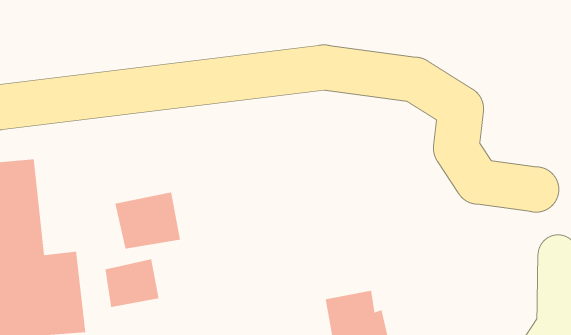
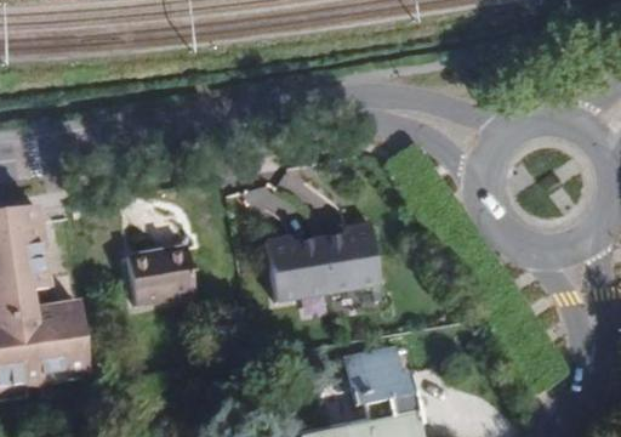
building: none -> [266,226,381,306]
building: [105,259,159,308] -> none

